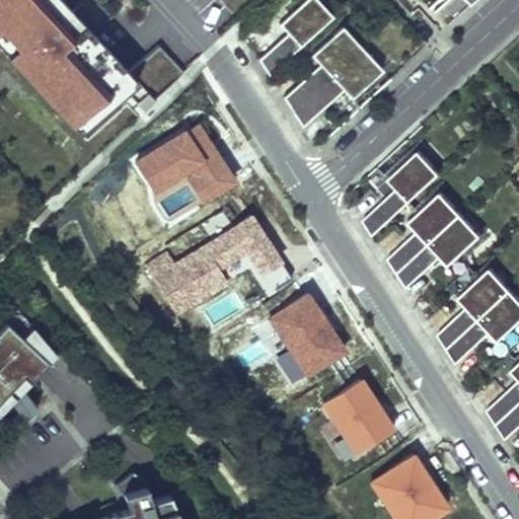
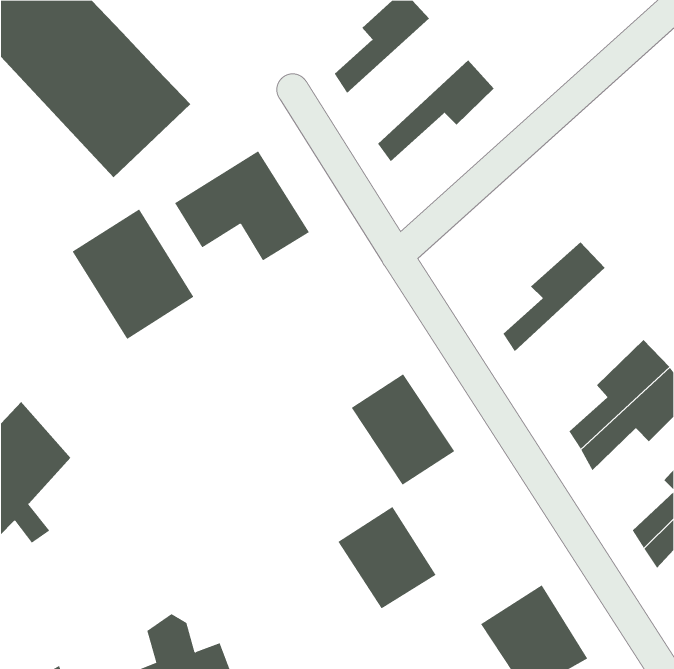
building: [282,27,360,115] -> none
building: [362,155,435,237] -> none
building: none -> [72,209,194,340]
building: [395,210,486,289] -> none
building: [145,216,292,318] -> none
building: [321,378,397,457] -> [337,506,436,609]

